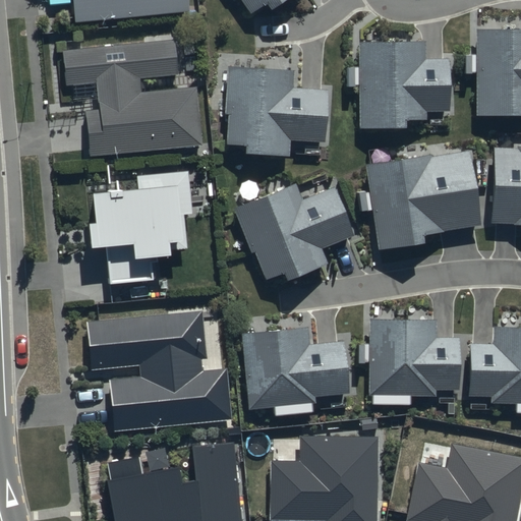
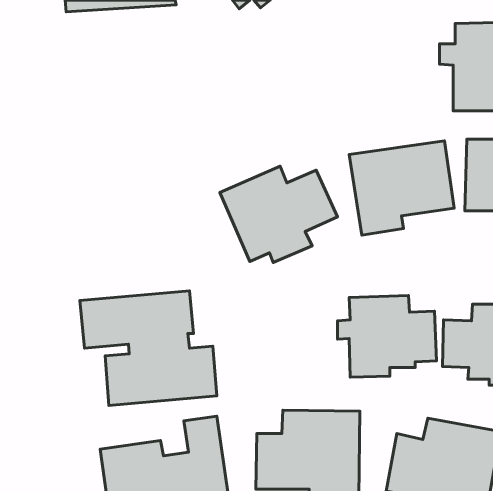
building: [66,39,202,160] -> none
building: [349,39,449,130] -> none
building: [223,68,331,157] -> none
building: [90,171,189,291] -> none
building: [245,323,343,413] -> none

